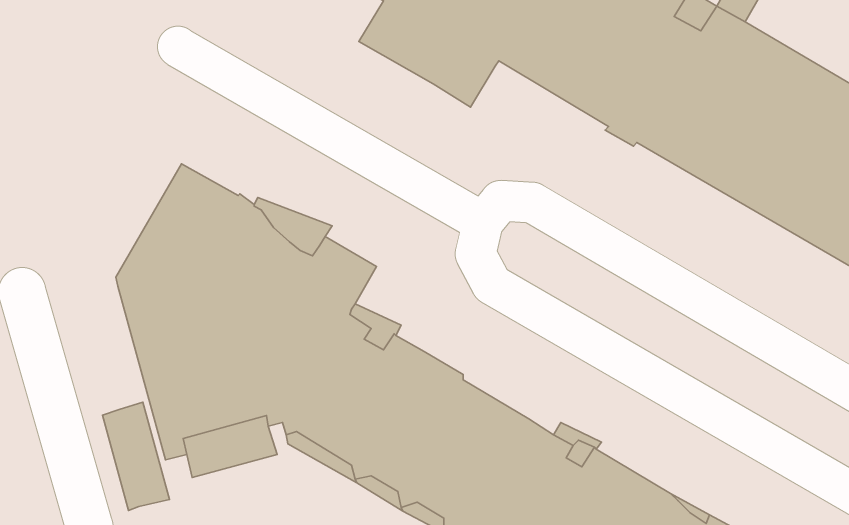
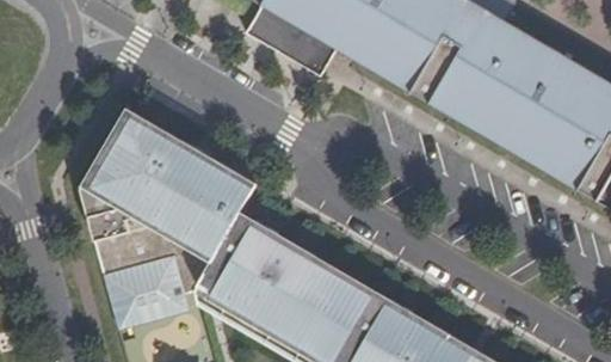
building: [103,402,170,511] -> none

